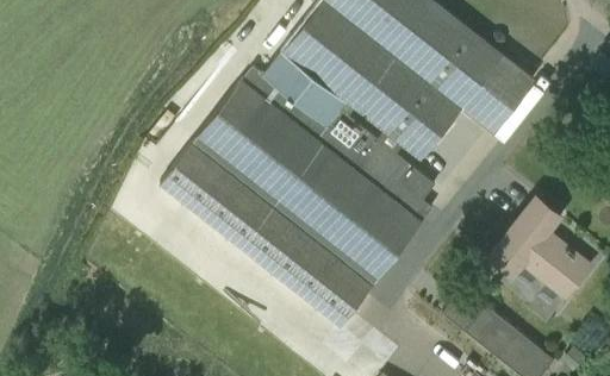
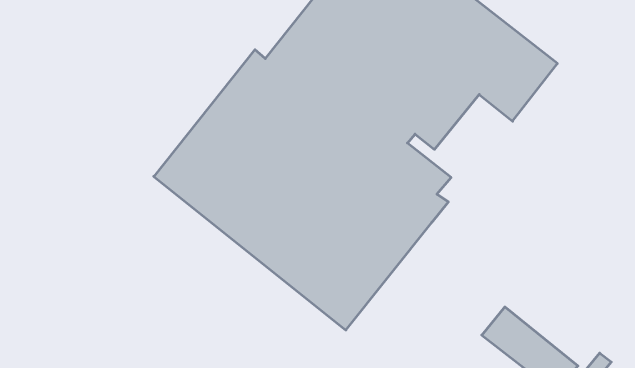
building: [492,201,589,320] -> none

